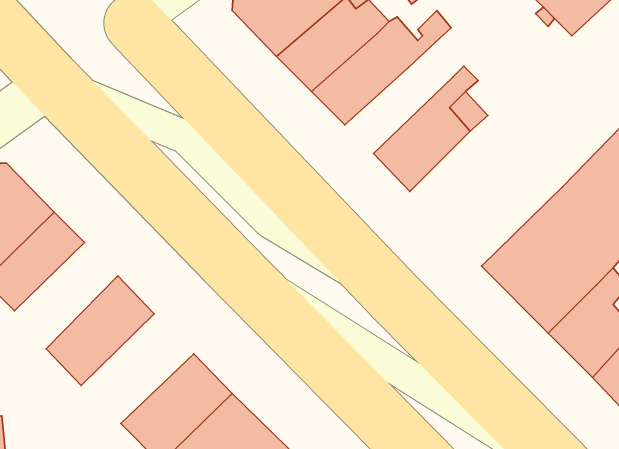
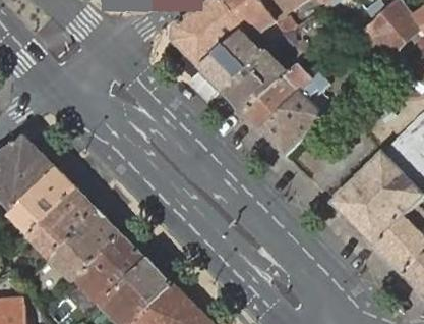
building: none -> [242,60,311,131]
building: none -> [29,188,97,257]
building: none -> [73,234,145,305]

